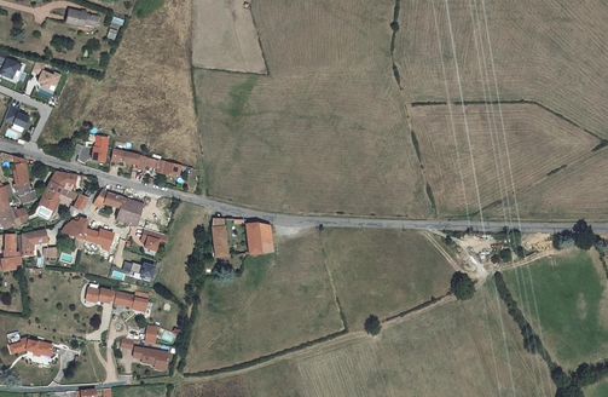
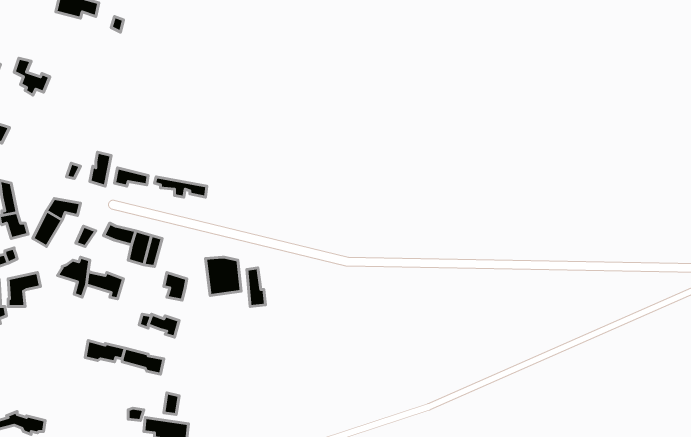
building: [242,221,270,252] -> [206,257,241,296]

